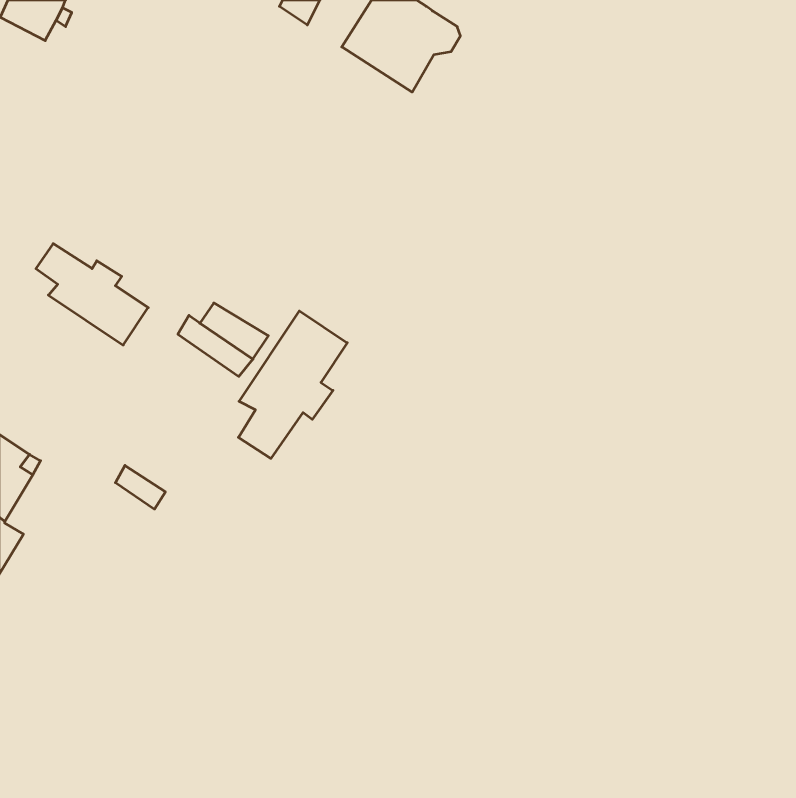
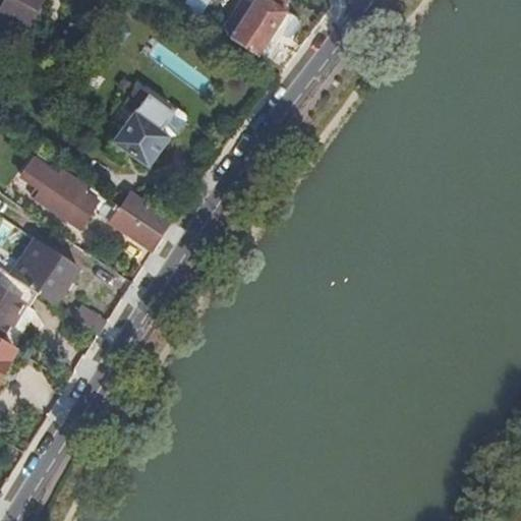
building: none -> [114,85,174,165]
building: [238,311,347,458] -> none
building: none -> [10,236,77,301]

